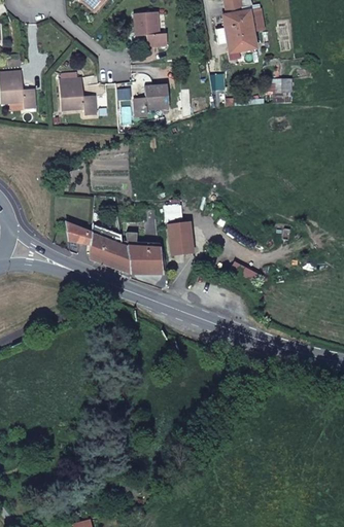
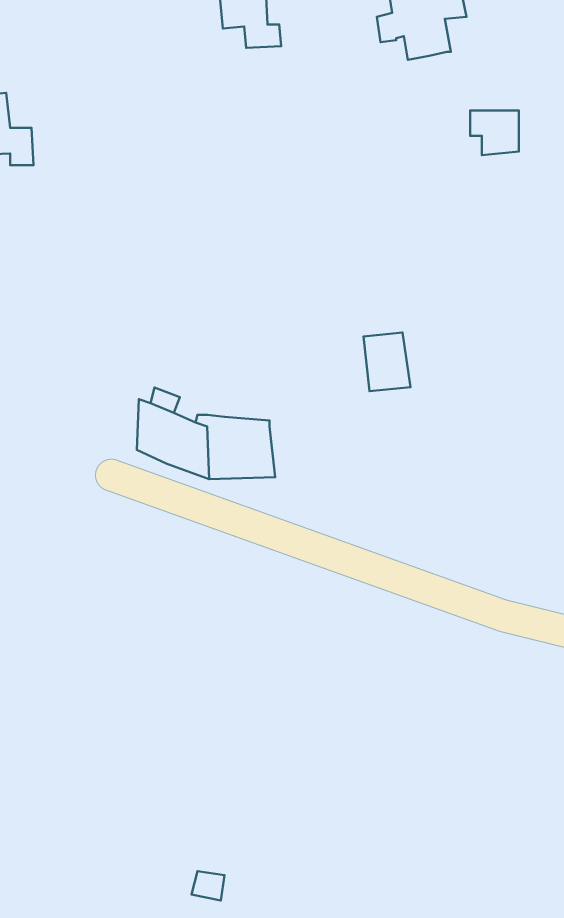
building: [59,73,96,115] -> none
building: [133,84,168,117] -> none
building: [66,222,91,258] -> none
building: [168,223,193,254] -> [364,333,410,391]

